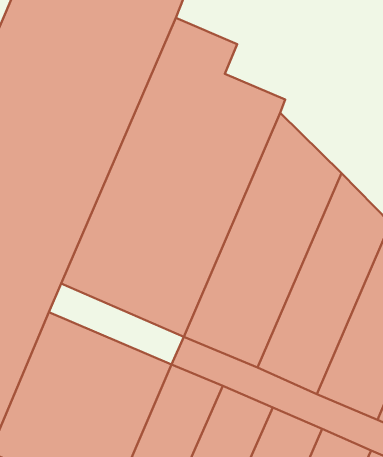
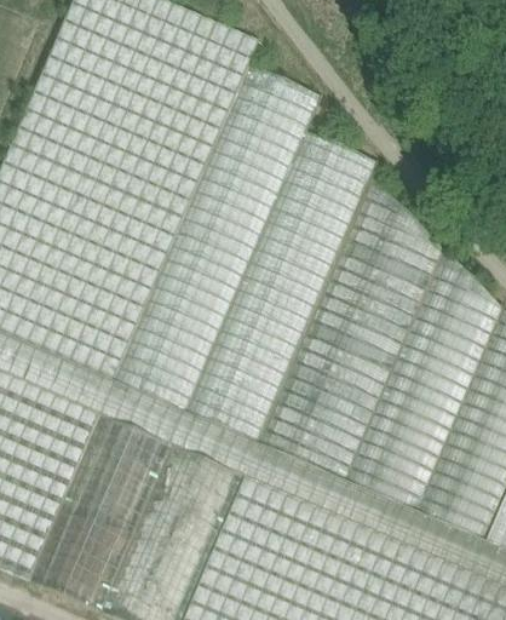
building: none -> [99,385,259,481]

